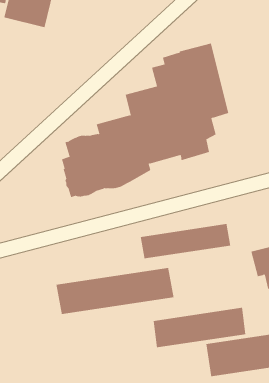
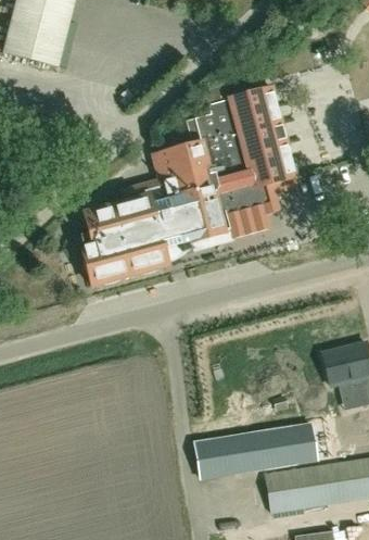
building: [140,223,231,259] -> none
building: [56,267,174,315] -> none

